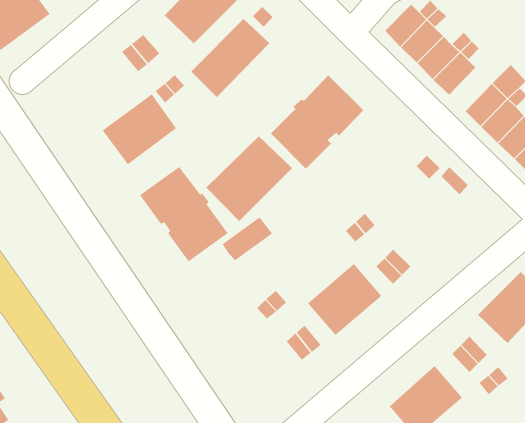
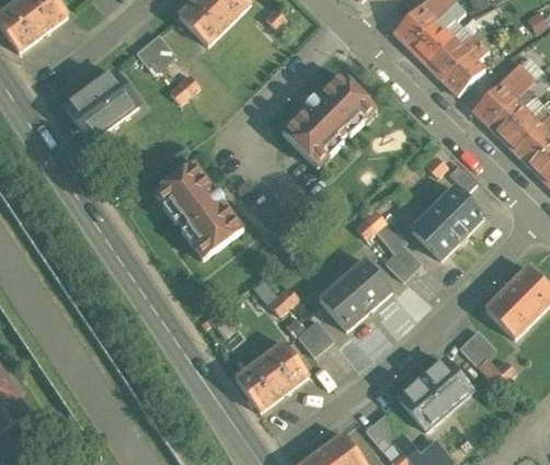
building: [190,18,270,98] -> none
building: [102,94,177,165] -> [65,70,138,140]
building: [206,135,293,222] -> none
building: none -> [412,186,483,259]
building: [222,216,273,261] -> none
building: none -> [236,341,309,410]

